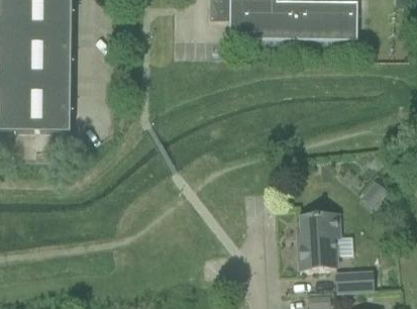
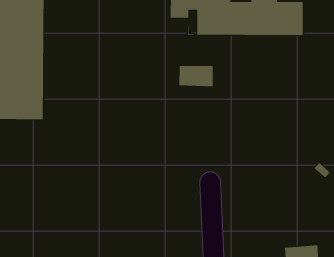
building: none -> [179,65,214,87]
building: [298,214,339,270] -> none

